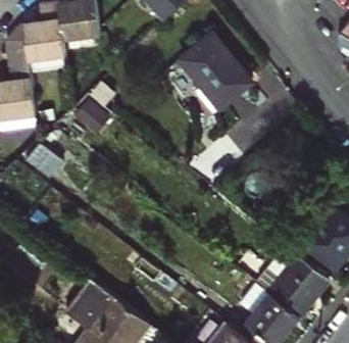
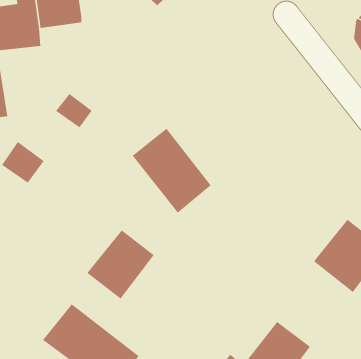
building: [180,35,249,109] -> [132,128,211,214]
building: none -> [87,229,154,299]
building: [259,250,329,318] -> none

